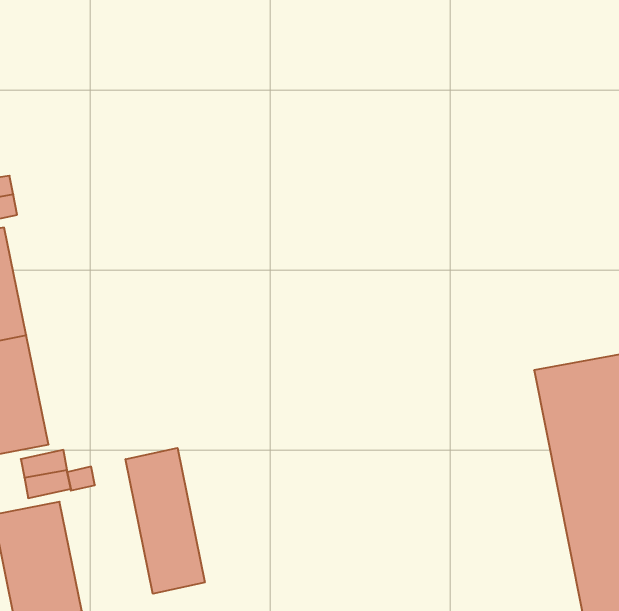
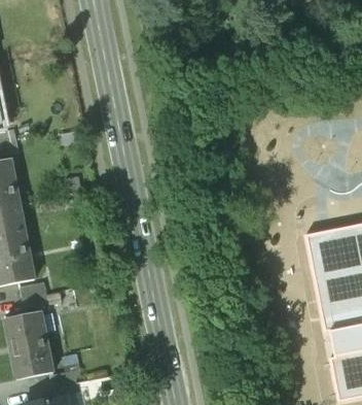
building: [126,448,205,594] -> none

